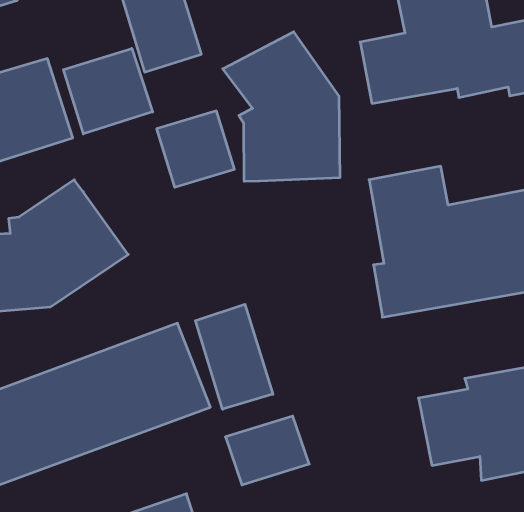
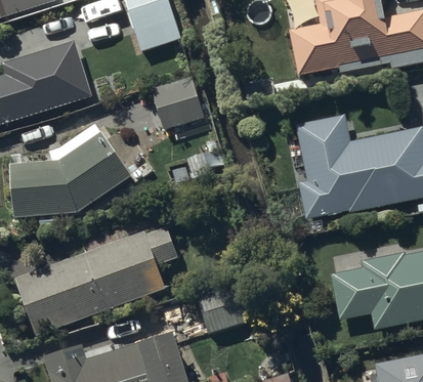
building: [223,32,340,181] -> none
building: [63,48,153,134] -> none
building: [195,304,273,409] -> none

